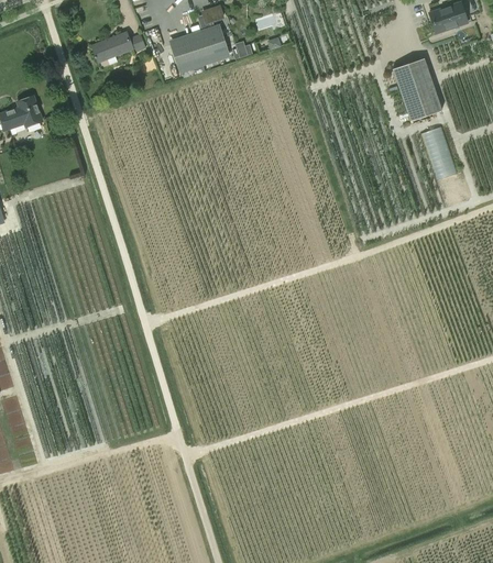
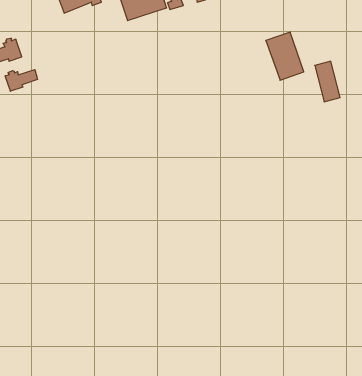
building: [393,58,442,121] -> [266,32,304,80]
building: none -> [5,70,37,91]

